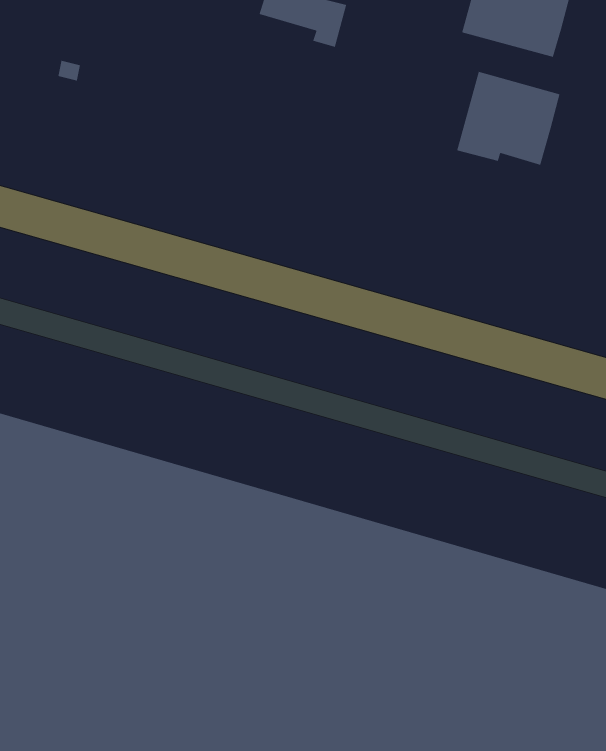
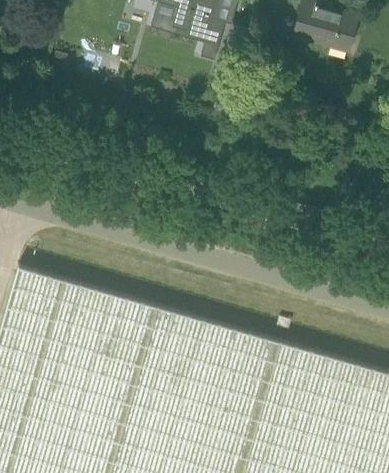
building: [456,71,561,166] -> none

